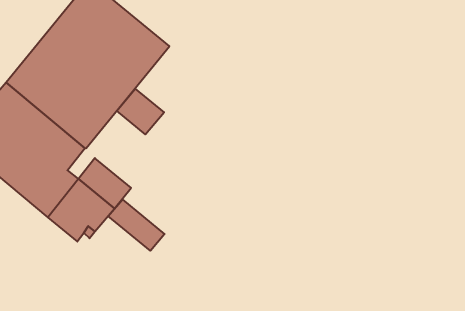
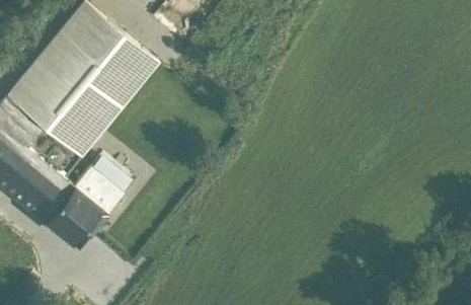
building: [117,89,164,134] -> none
building: [108,200,165,251] -> none

